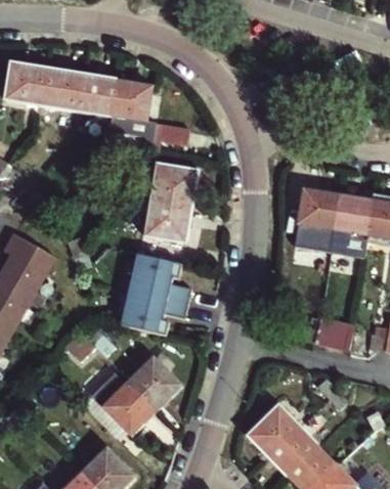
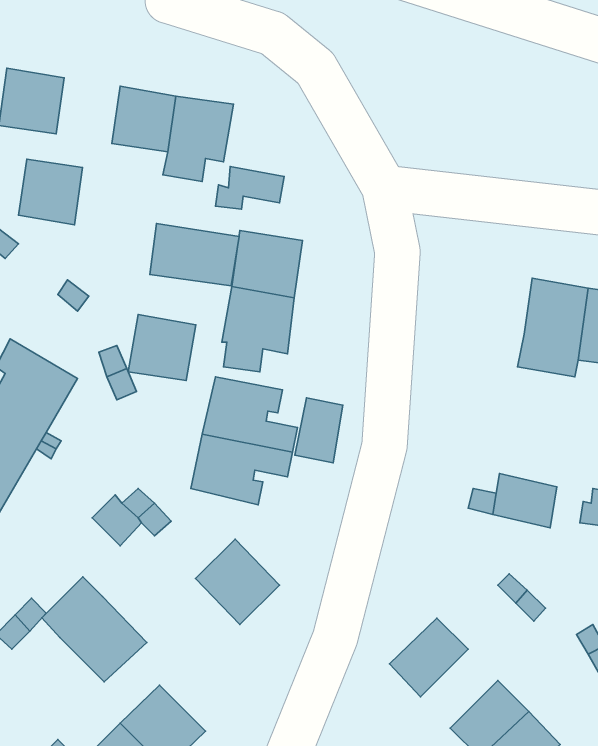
building: [41,70,81,110] -> [19,159,83,225]
building: none -> [150,223,239,286]
building: [297,188,338,229] -> none
building: none -> [128,315,196,381]
building: none -> [295,398,343,463]
building: [90,369,156,435] -> [42,577,147,682]
building: [268,426,316,475] -> none

